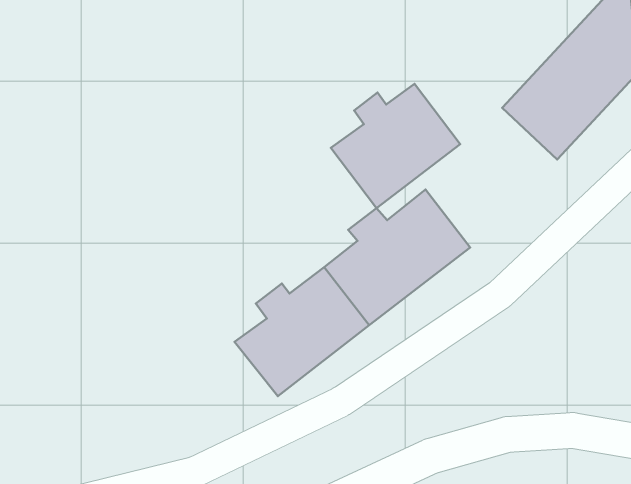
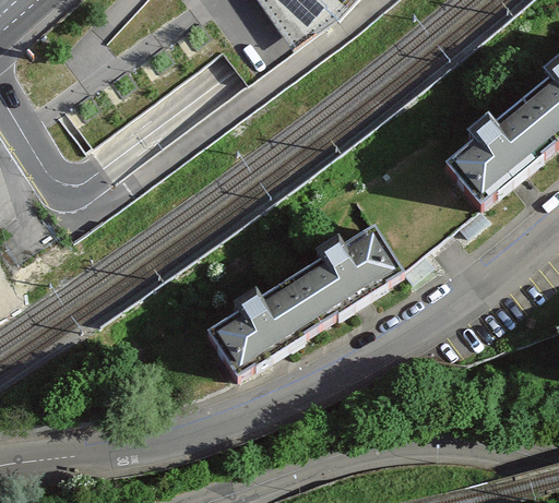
building: [331,84,460,208] -> none

